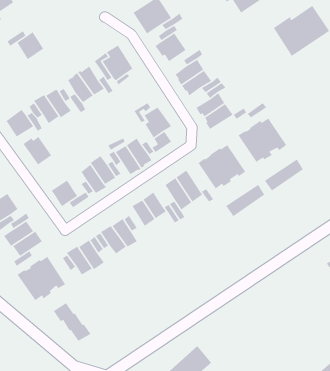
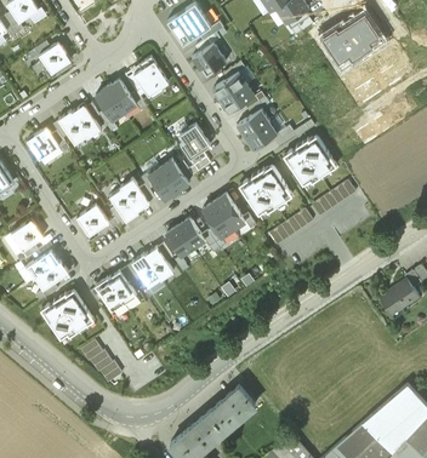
building: [23,136,52,165] -> none

